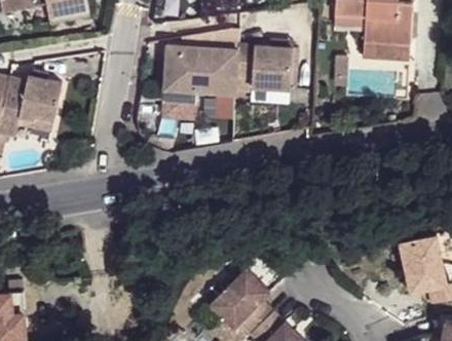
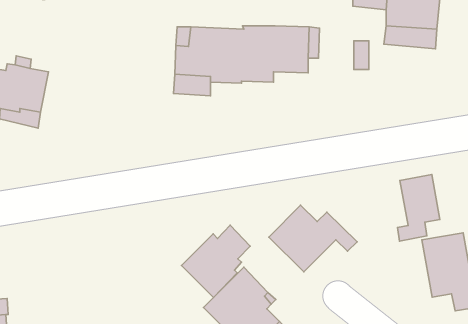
building: none -> [397,174,440,241]
building: none -> [269,205,357,272]
building: none -> [181,225,250,298]

